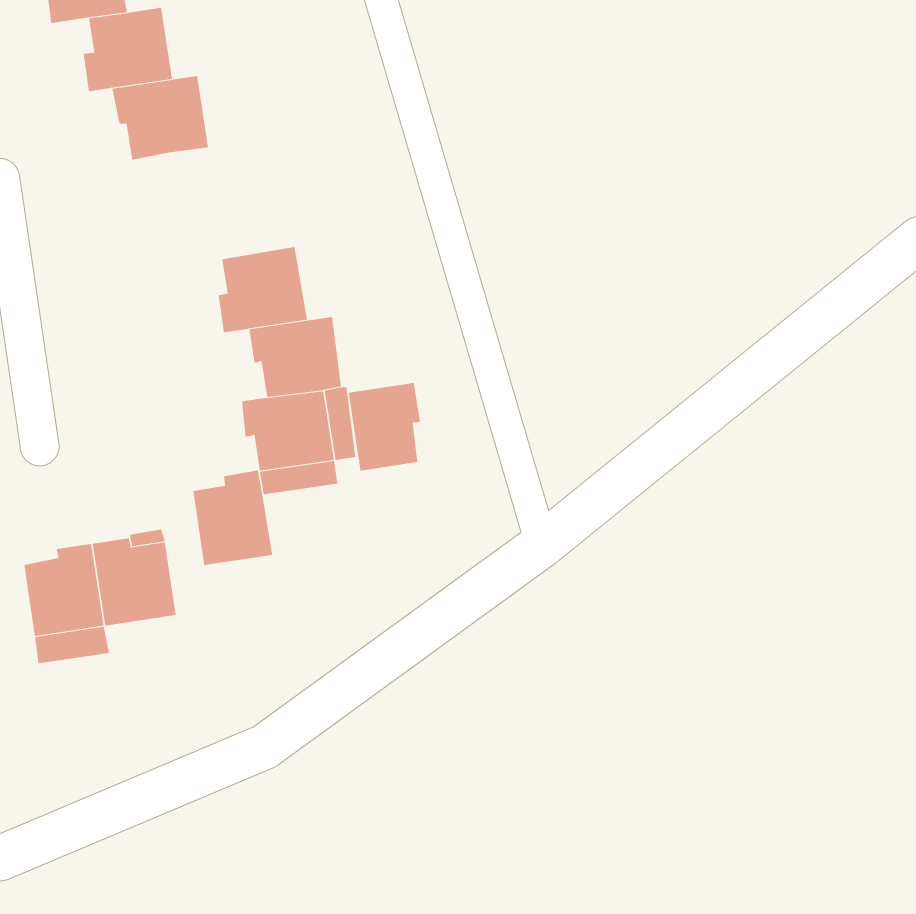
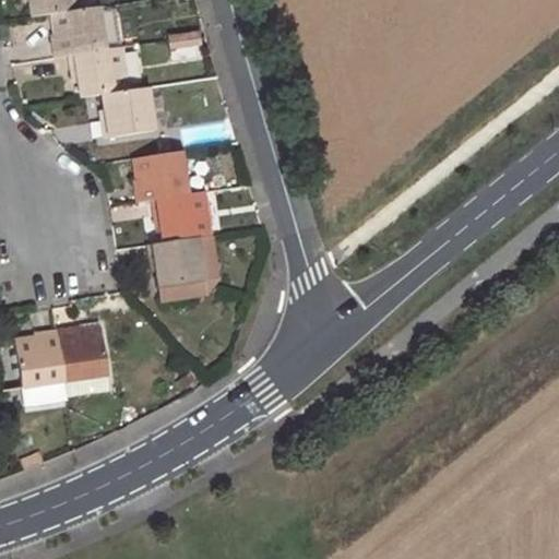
building: none -> [103,86,156,136]
building: [348,382,421,471] -> none
building: [193,470,273,566] -> none

